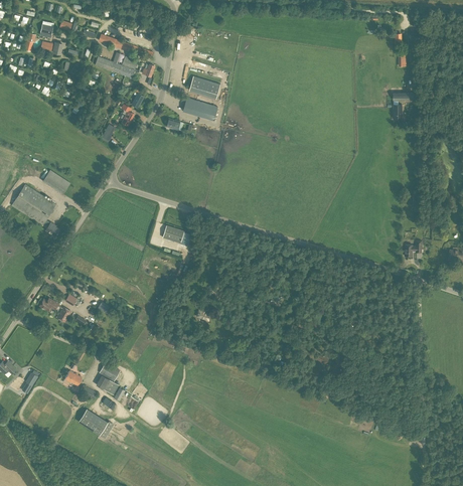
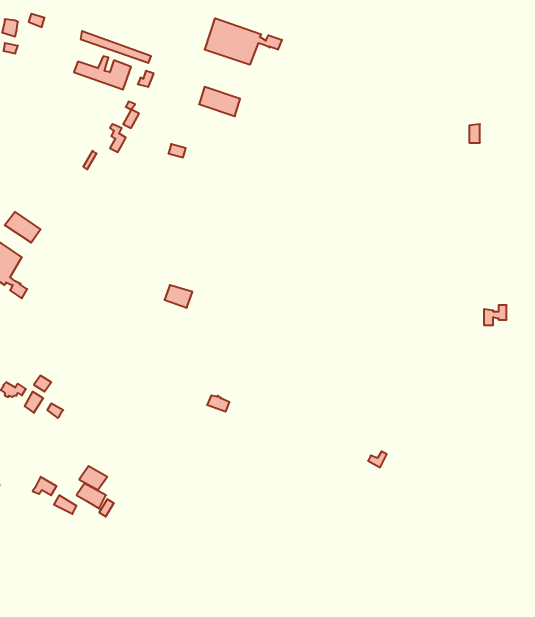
building: none -> [205,18,282,65]
building: [183,97,217,120] -> none
building: [79,409,108,435] -> none

